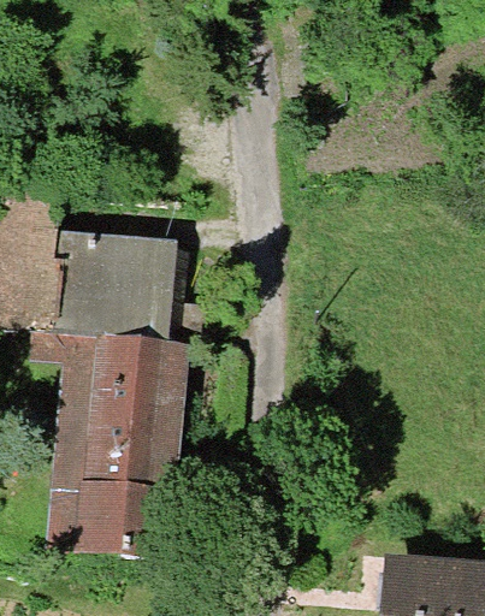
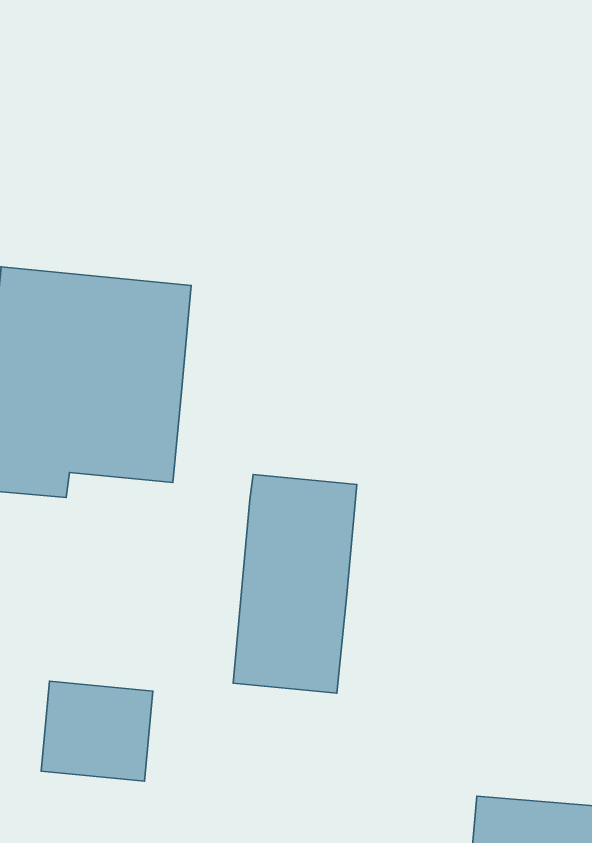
building: [78,343,167,500] -> [233,474,357,693]

